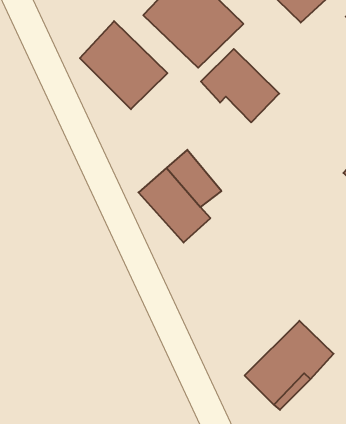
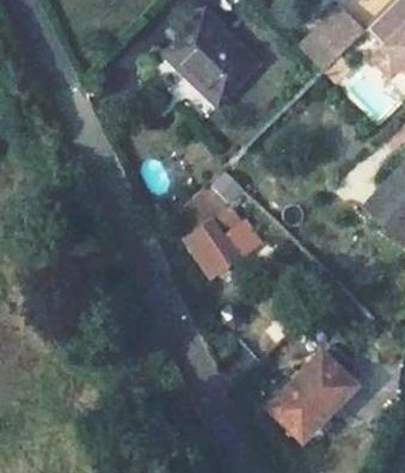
building: [80,21,167,109] -> none
building: [201,49,279,122] -> none

